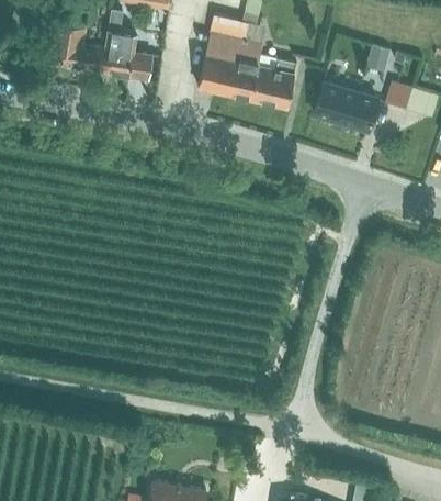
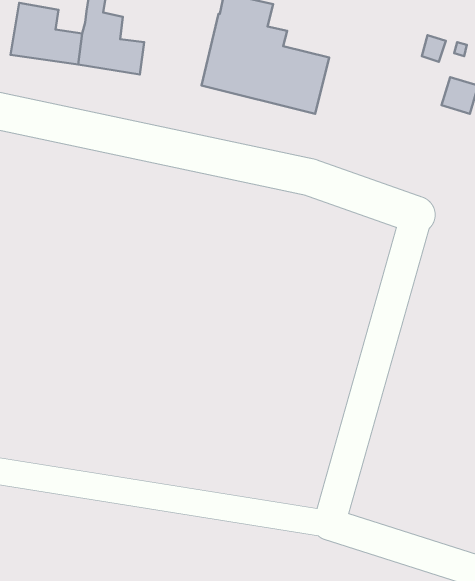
building: [316,84,380,131] -> none

